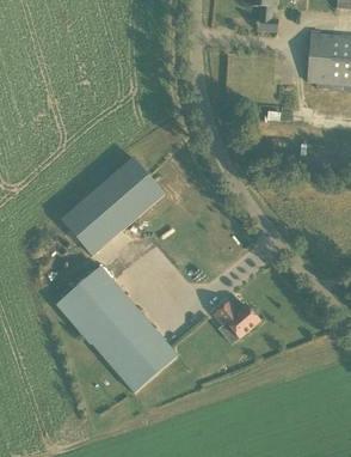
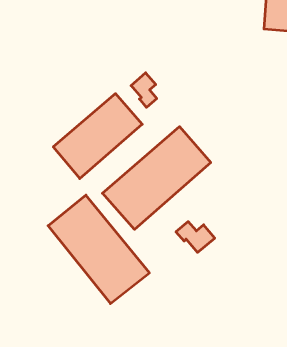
building: none -> [131,73,157,107]
building: none -> [102,127,211,229]

